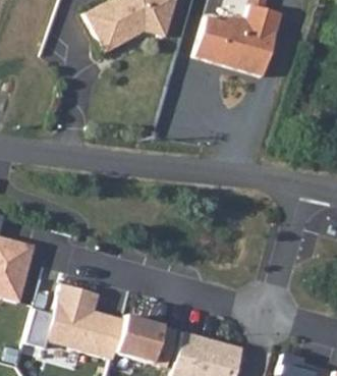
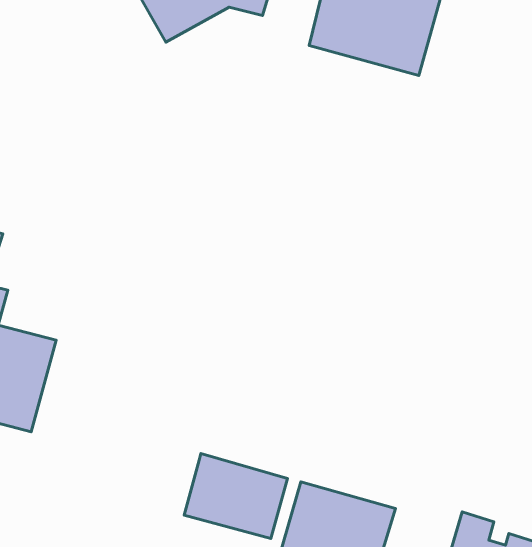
building: [46,281,124,356] -> none

